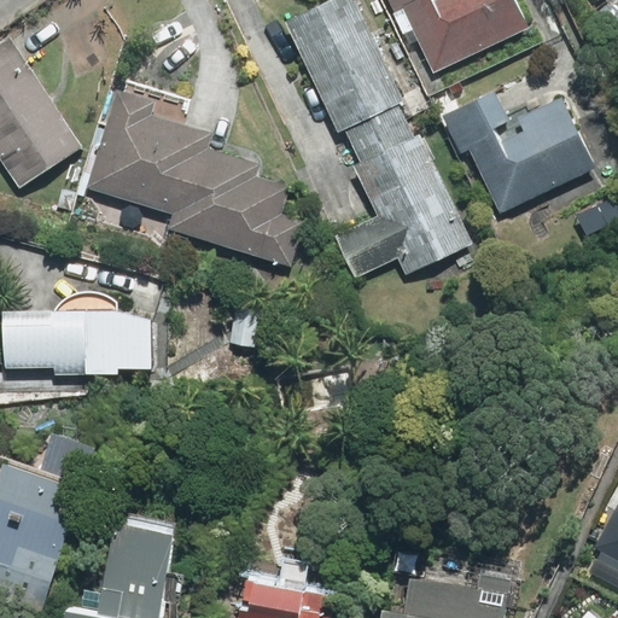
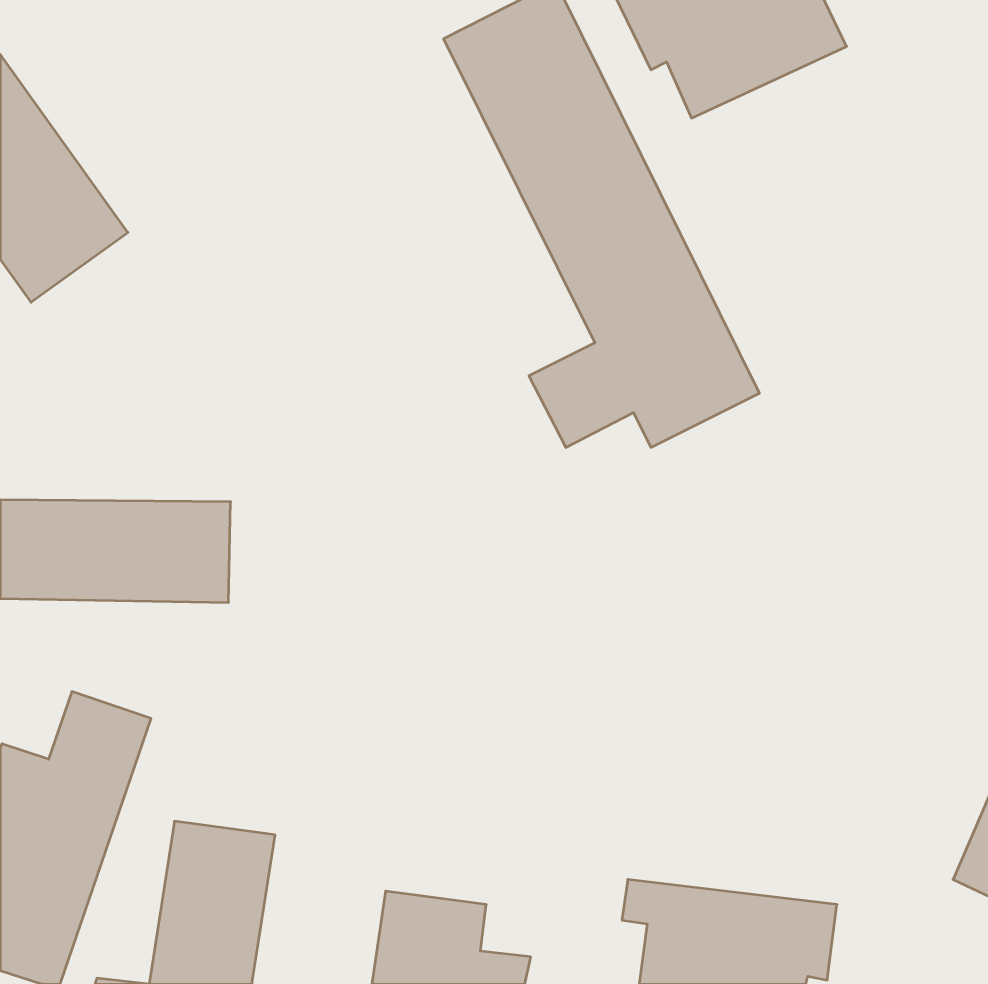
building: [442,89,595,210] -> none
building: [88,92,305,266] -> none

